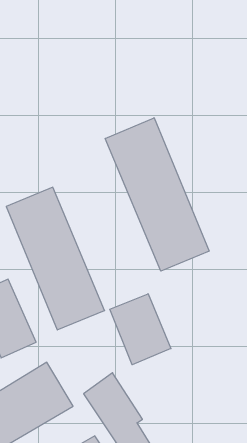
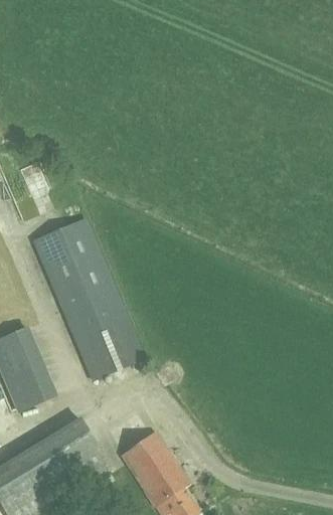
building: [105,118,209,271] -> none
building: [110,294,171,365] -> none

